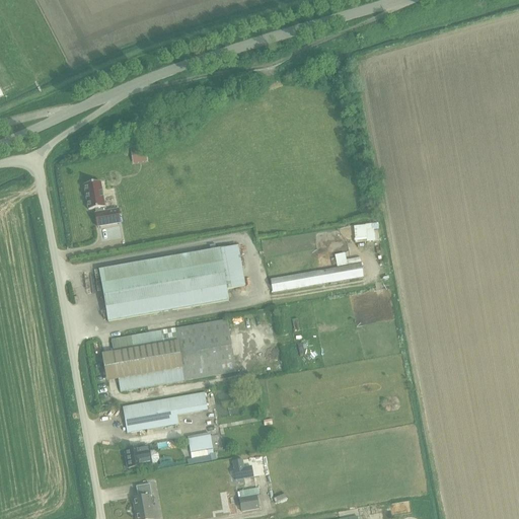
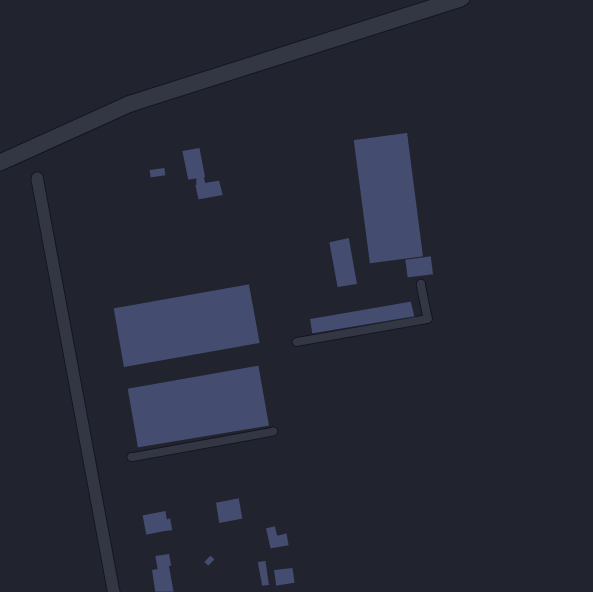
building: none -> [353,132,424,264]
building: [83,180,120,226] -> [182,147,223,200]
building: [218,244,243,288] -> [329,238,358,288]
building: [122,392,199,435] -> none

